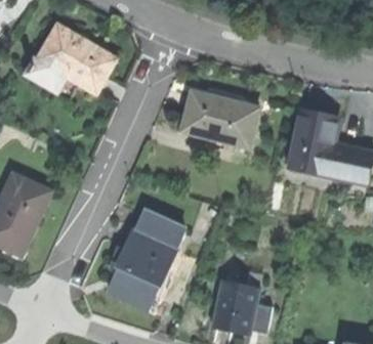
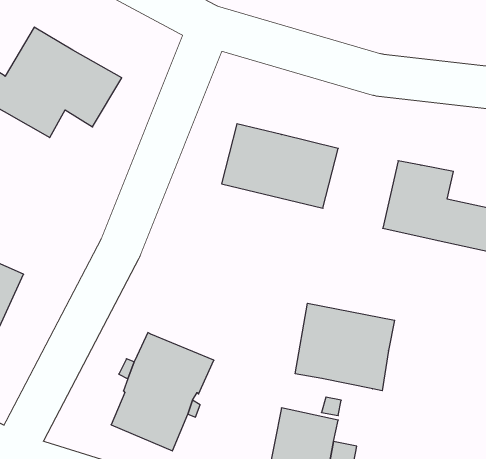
building: none -> [295,303,395,391]
building: [134,211,184,248] -> none

